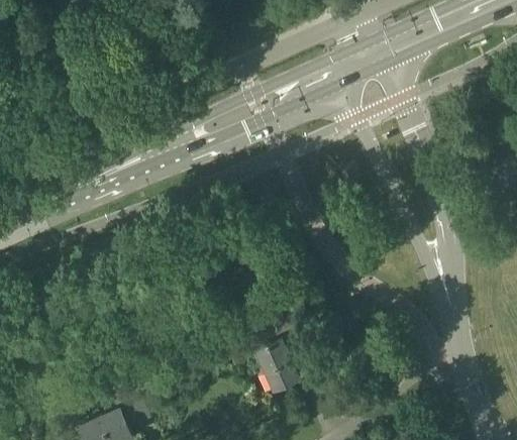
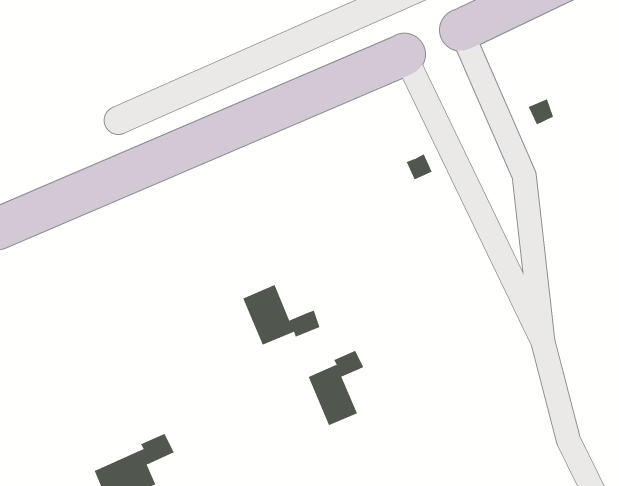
building: none -> [243,284,320,345]

